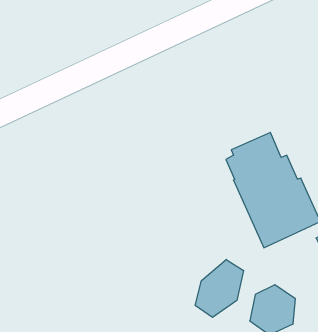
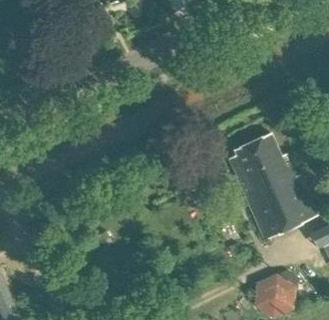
building: [195,259,244,317] -> none

